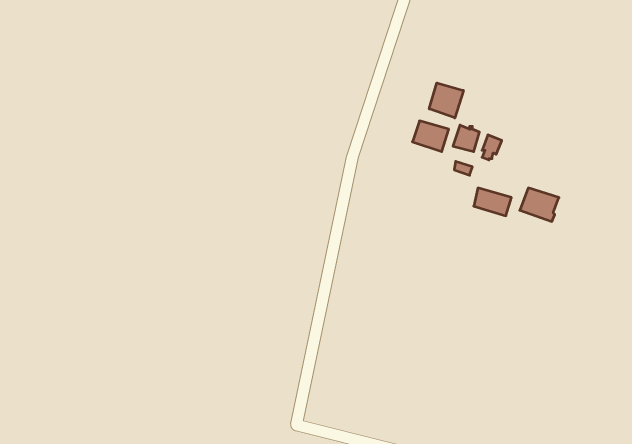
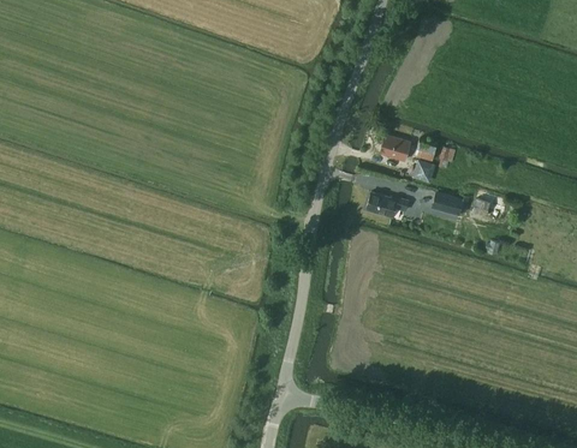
building: [429,83,463,118] -> none
building: none -> [365,192,408,217]

